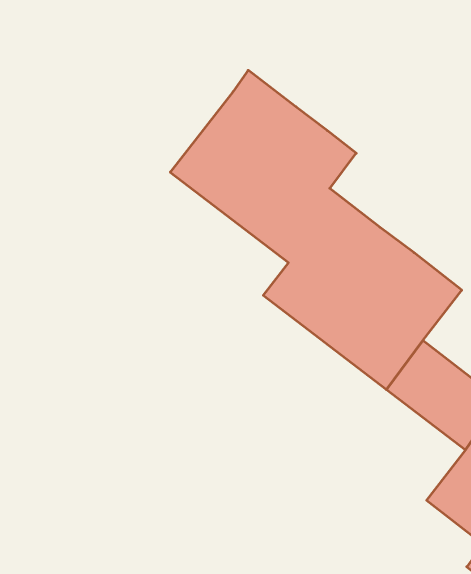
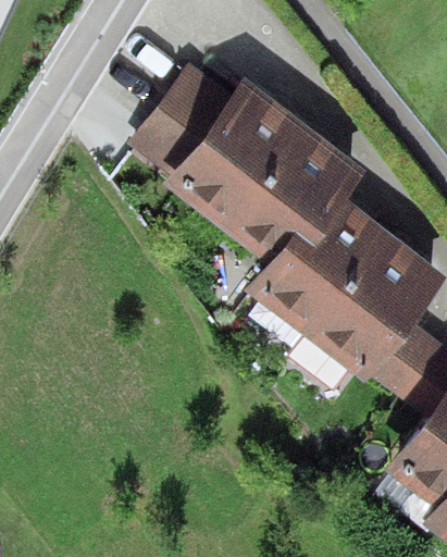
building: none -> [138,74,234,175]

